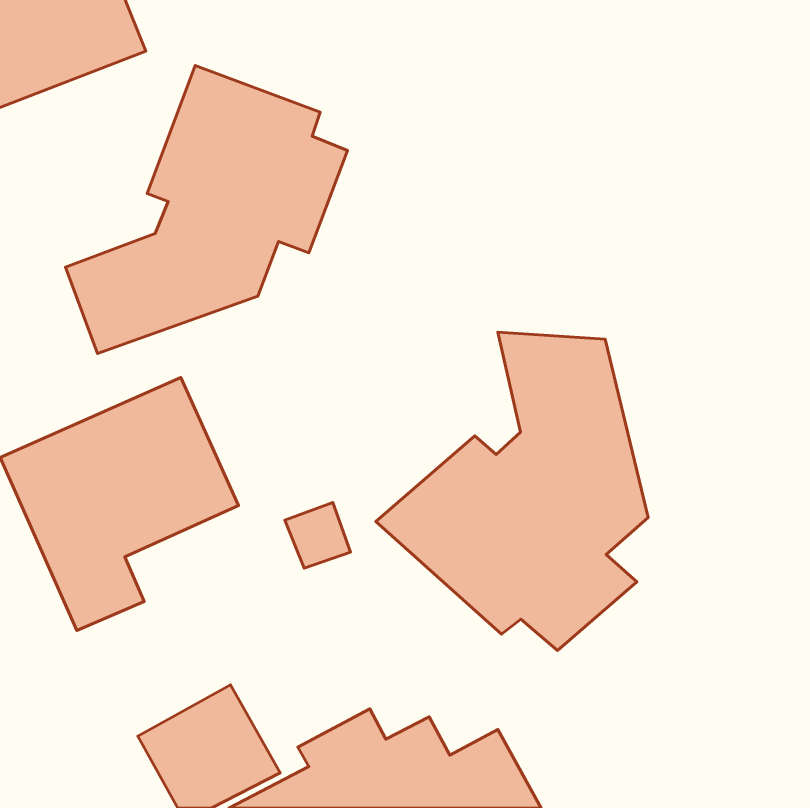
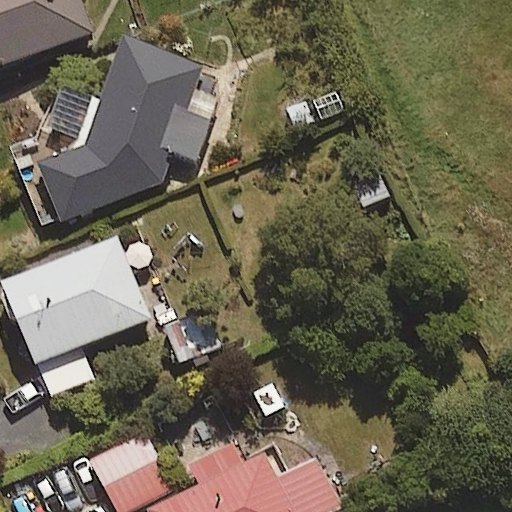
building: [376,332,648,650] -> none

